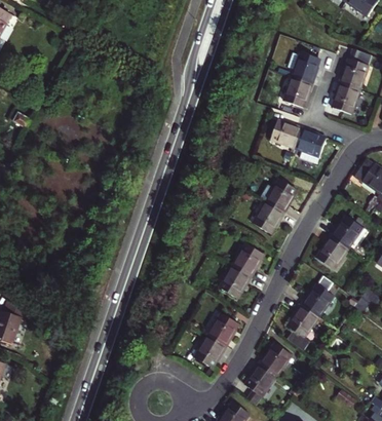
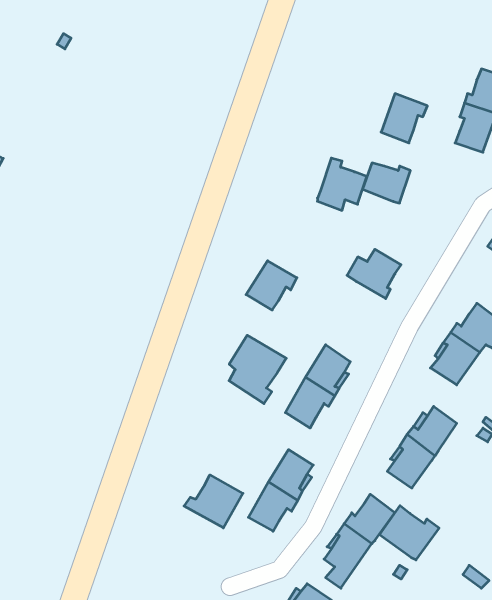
building: [292,51,318,83] -> none
building: [293,126,326,161] -> [317,158,367,210]
building: [252,200,285,233] -> [246,261,297,310]
building: none -> [229,335,286,404]
building: none -> [184,475,243,528]
building: none -> [380,506,439,560]

